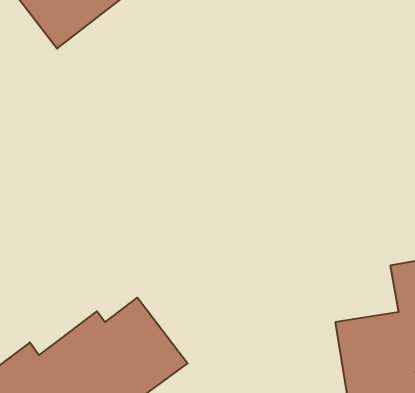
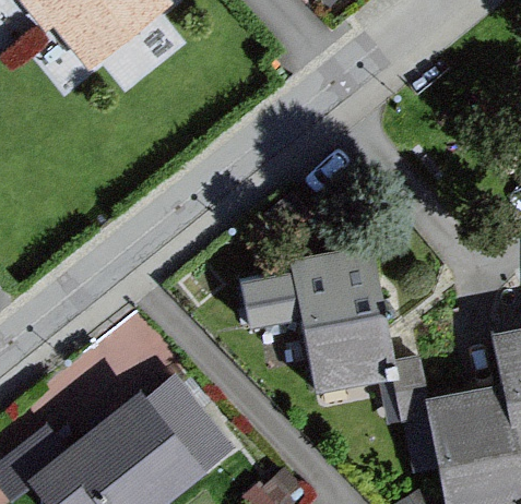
building: none -> [246,248,386,394]

